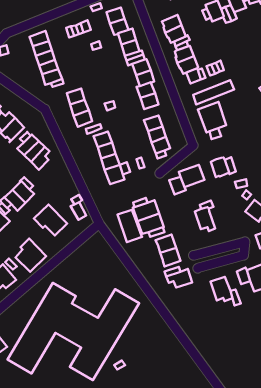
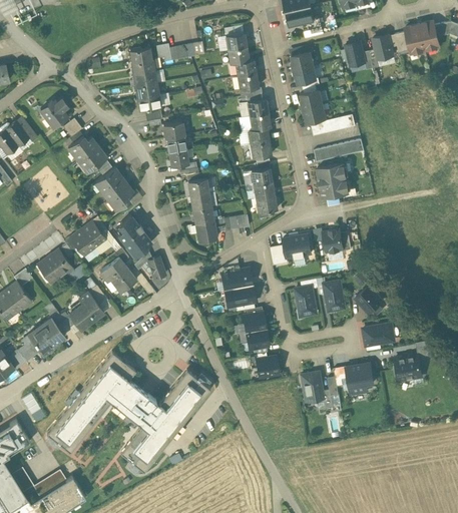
building: none -> [118,215,150,256]
building: none -> [323,281,345,311]
building: [117,210,142,242] -> none

